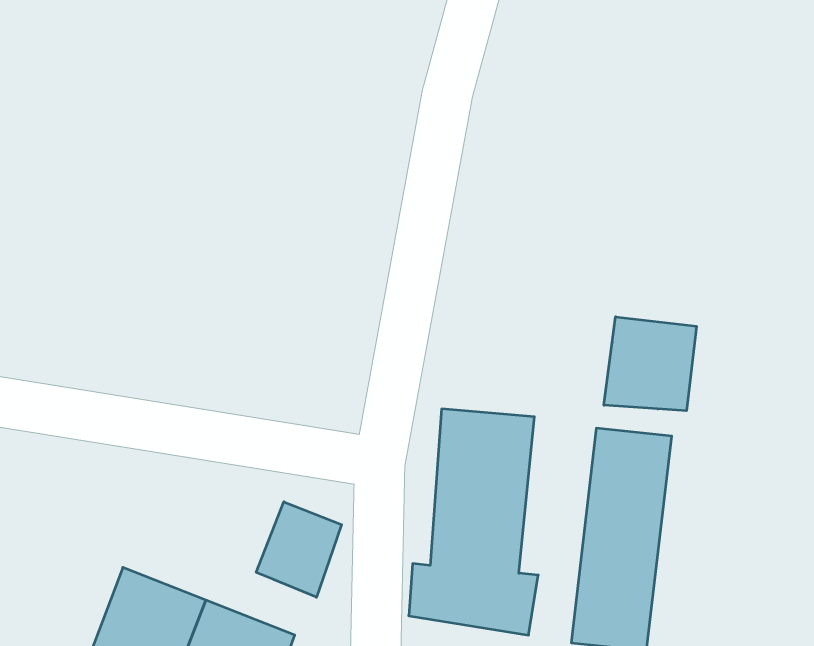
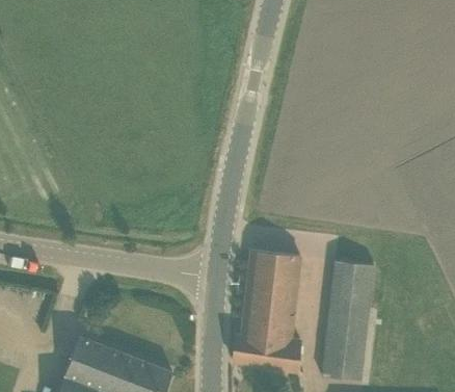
building: [604,317,696,411] -> none
building: [256,502,342,597] -> none

